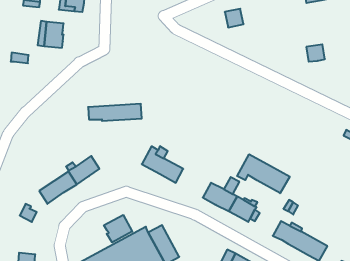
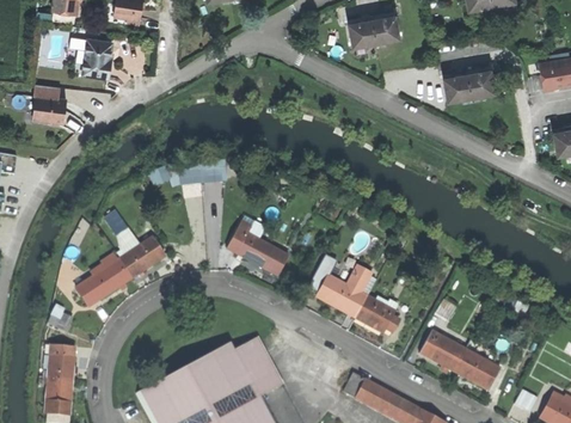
building: none -> [372,14,399,42]
building: none -> [446,75,472,100]
building: none -> [37,97,67,123]
building: [237,154,290,193] -> none
building: [104,215,132,242] -> none
building: none -> [47,344,73,380]

